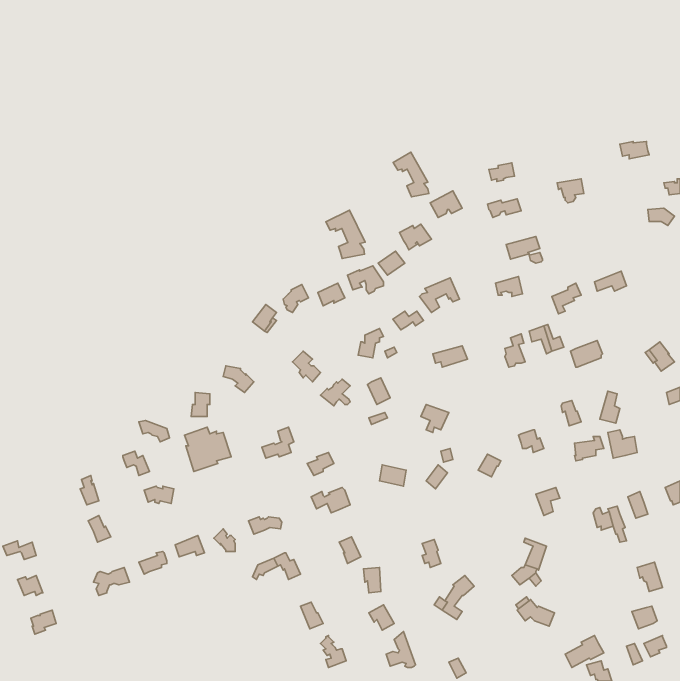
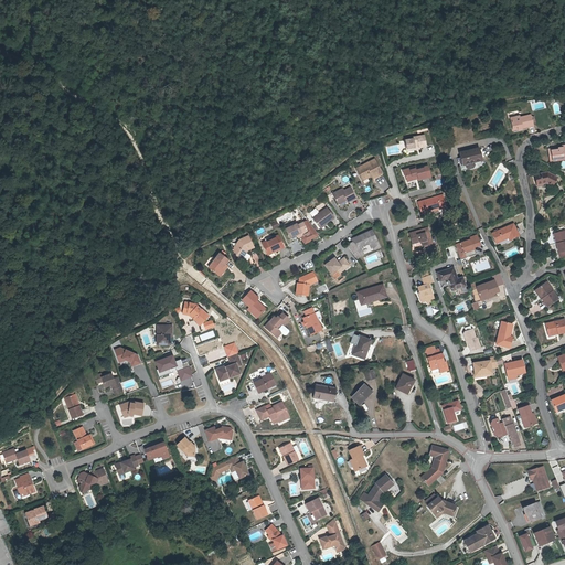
building: [393,152,429,197] -> none
building: [326,210,365,258] -> none

